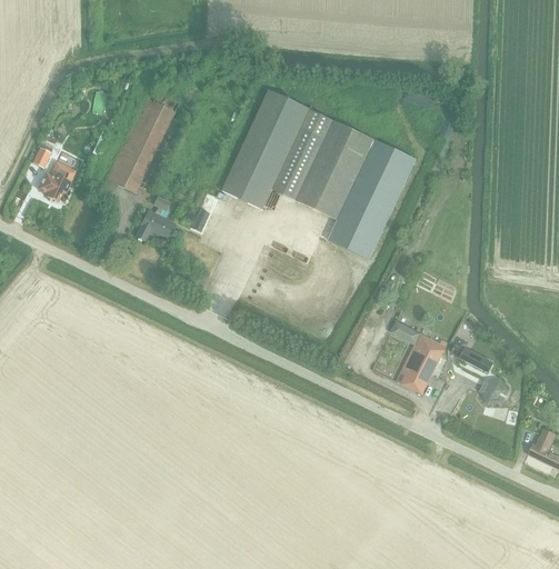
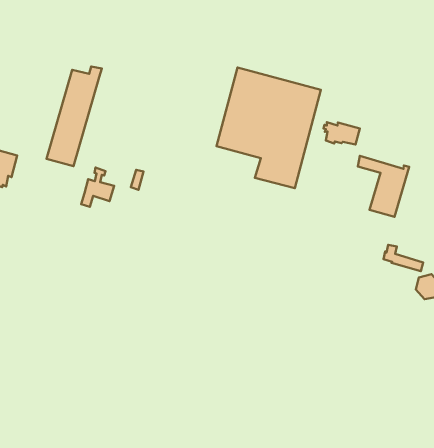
building: [222,90,330,209] -> none
building: none -> [324,122,360,145]
building: [391,321,447,393] -> [358,156,409,217]

